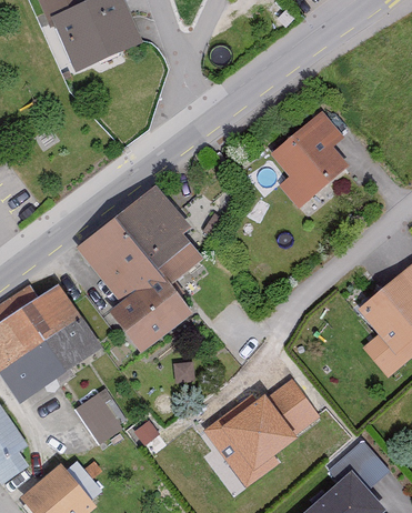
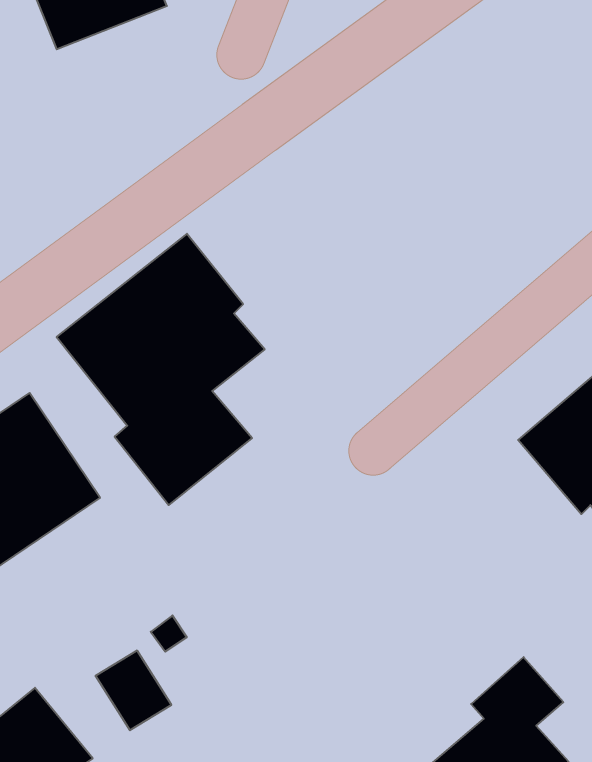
building: [269,110,350,209] -> none
building: [203,380,319,489] -> none
building: [72,392,119,441] -> [95,651,171,730]

